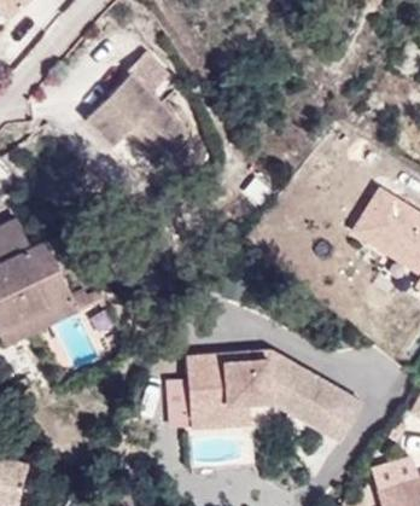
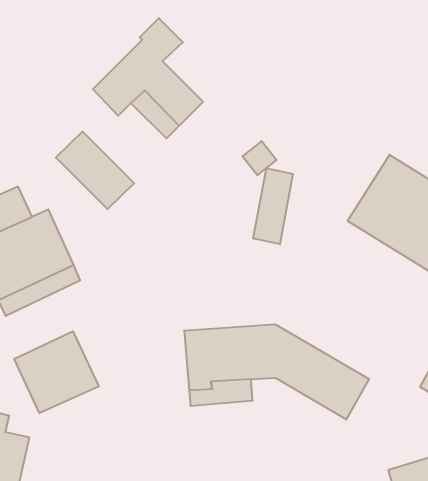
building: none -> [56,132,134,209]
building: none -> [253,168,293,244]
building: none -> [14,331,99,413]

